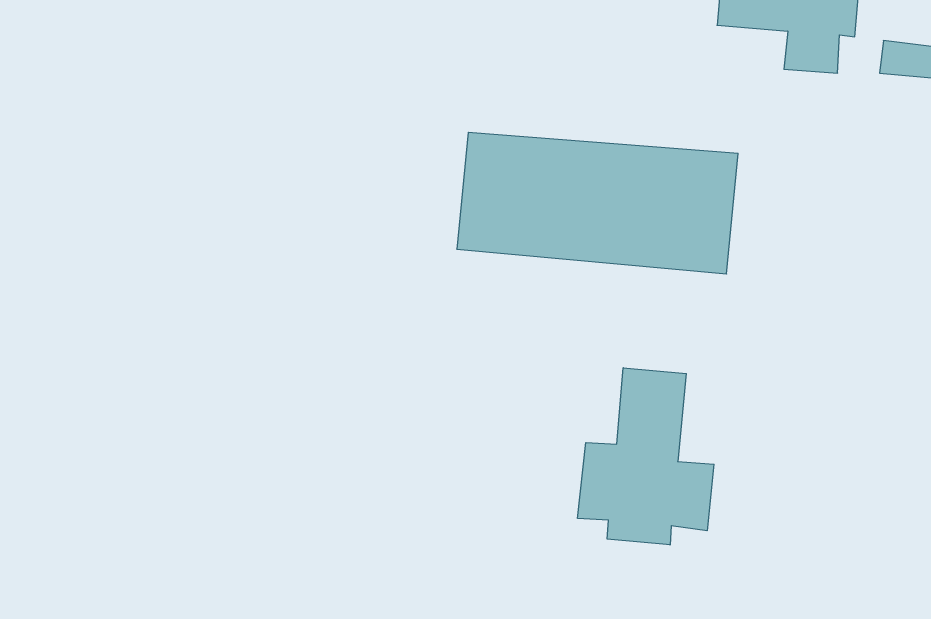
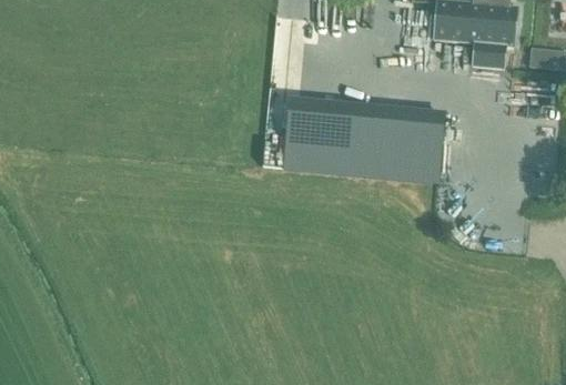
building: [578,368,714,545] -> none

